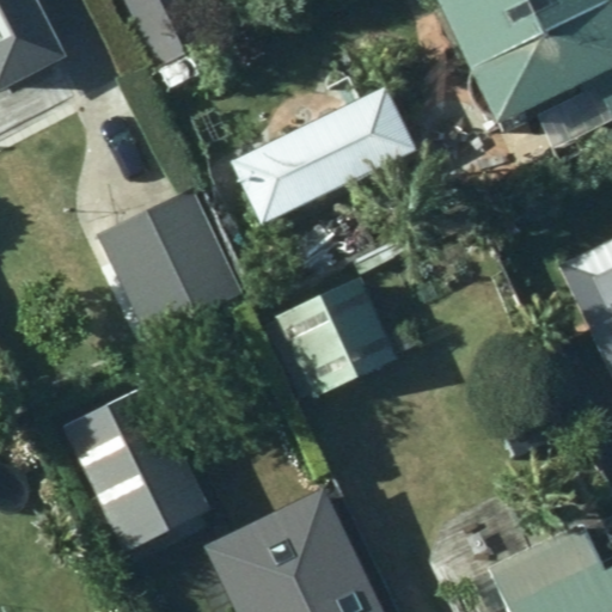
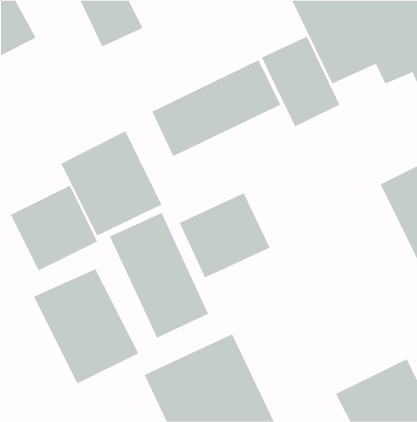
building: none -> [261,36,340,127]
building: none -> [10,185,98,271]
building: none -> [109,212,209,339]

